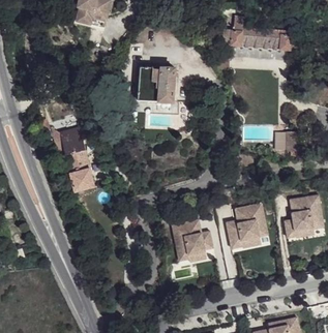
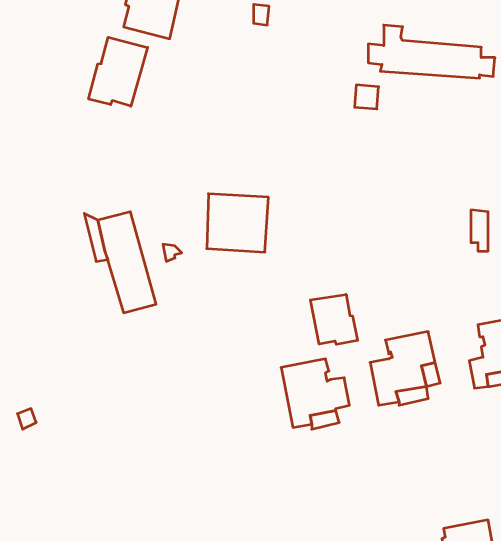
building: none -> [89,37,148,106]
building: [138,67,175,102] -> [207,194,268,252]
building: none -> [310,294,358,344]

